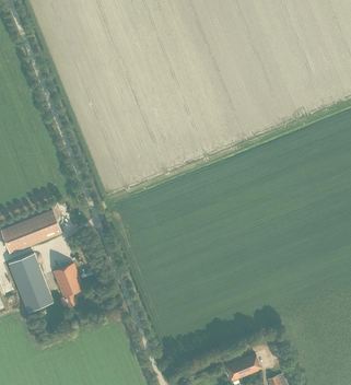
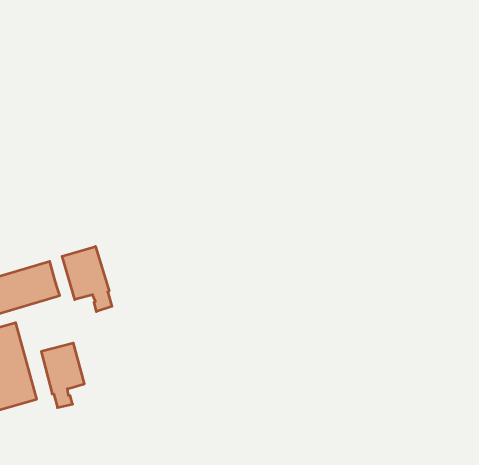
building: none -> [62,246,112,312]

